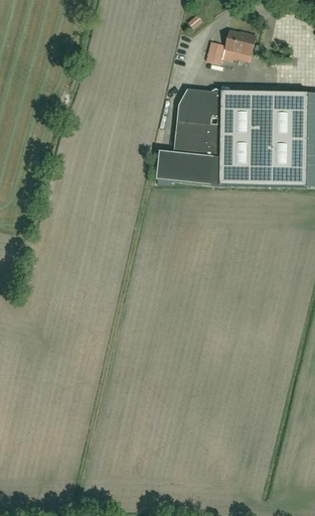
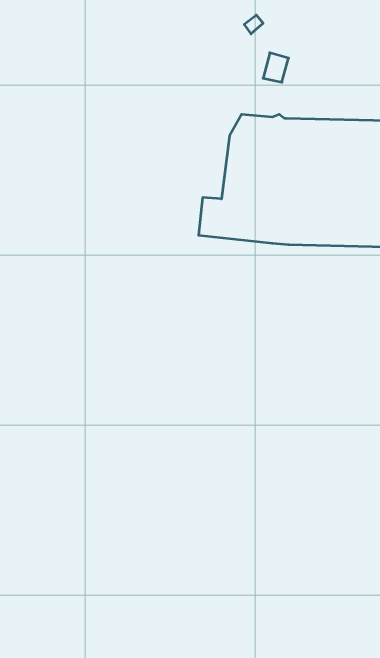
building: [227,30,258,54] -> none

